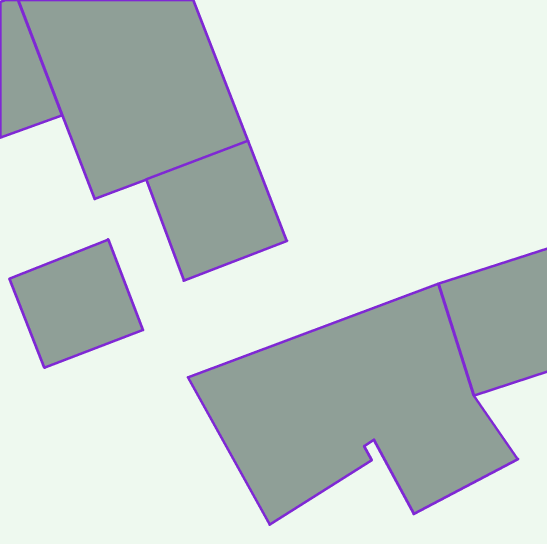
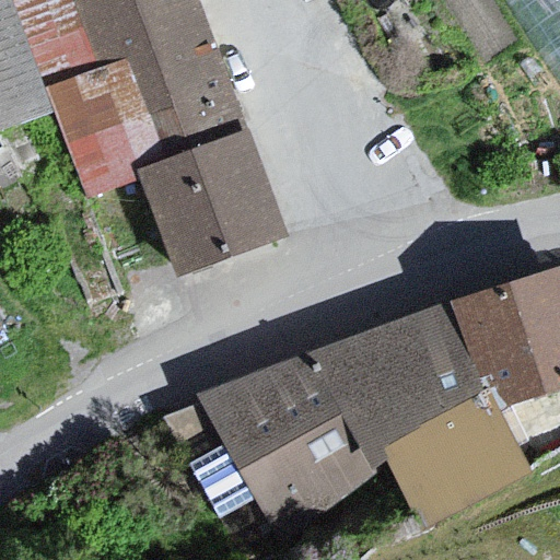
building: [10,239,143,368] -> none

